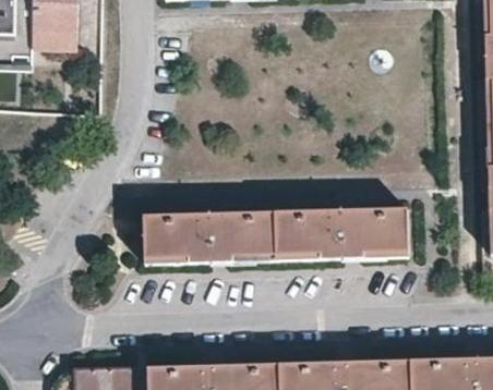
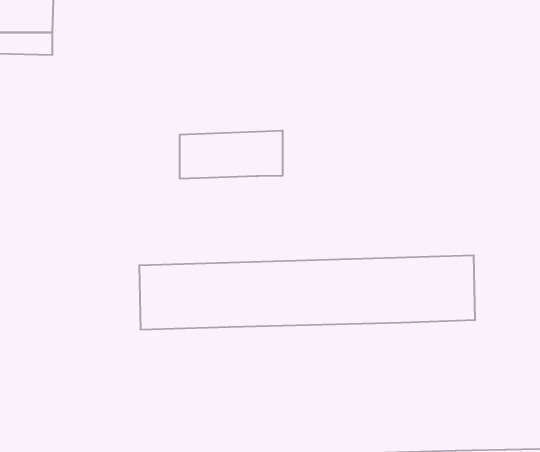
building: none -> [180,130,283,179]

